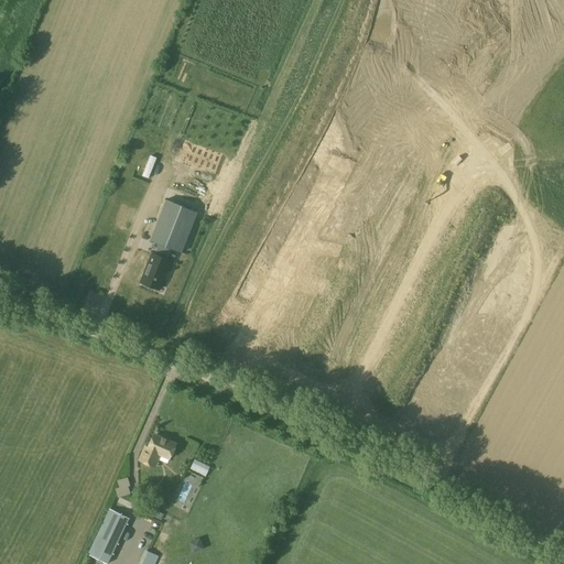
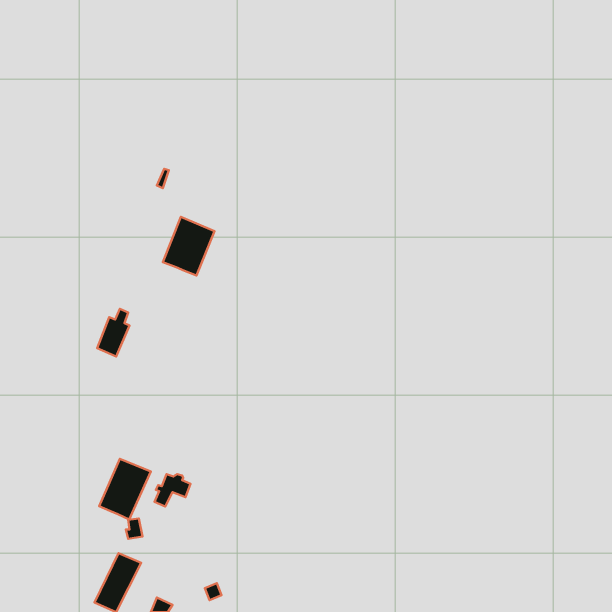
building: [141,246,171,290] -> [97,309,129,357]
building: none -> [99,459,151,520]

